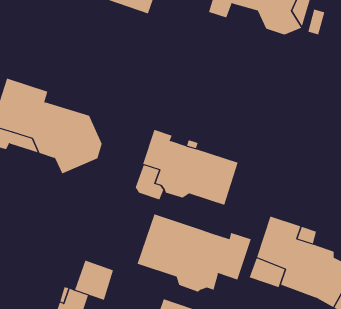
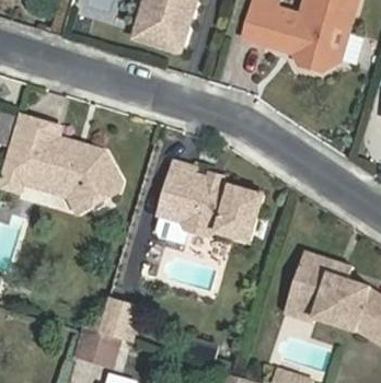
building: [137,213,252,292] -> none

